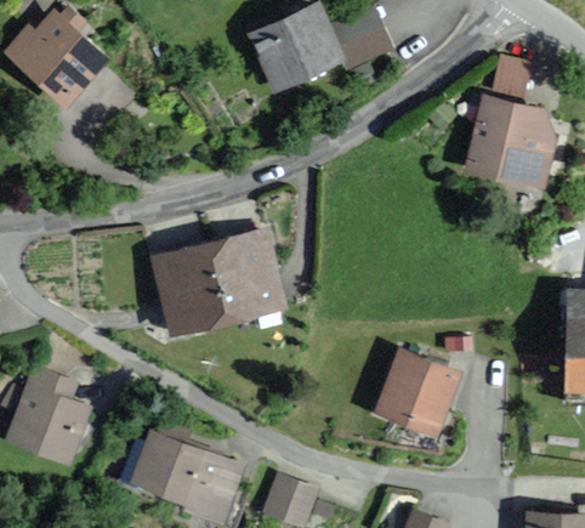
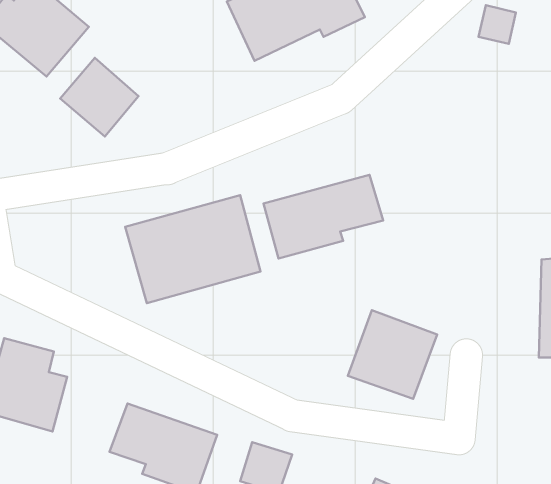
building: none -> [60,58,139,137]
building: [468,96,561,191] -> none
building: none -> [263,175,383,258]

